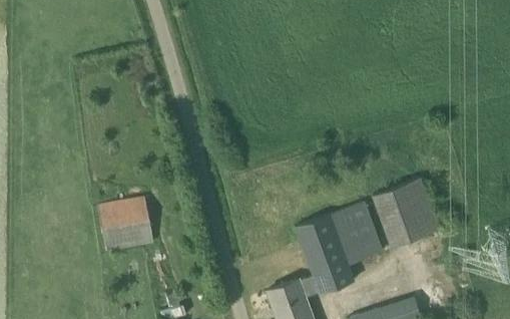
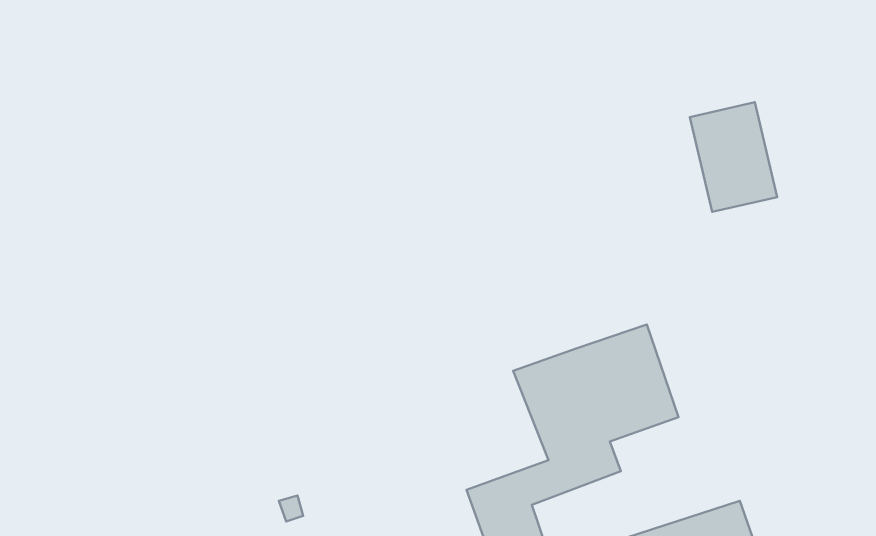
building: [386,177,433,236] -> [690,102,777,212]
building: [97,198,153,252] -> none

